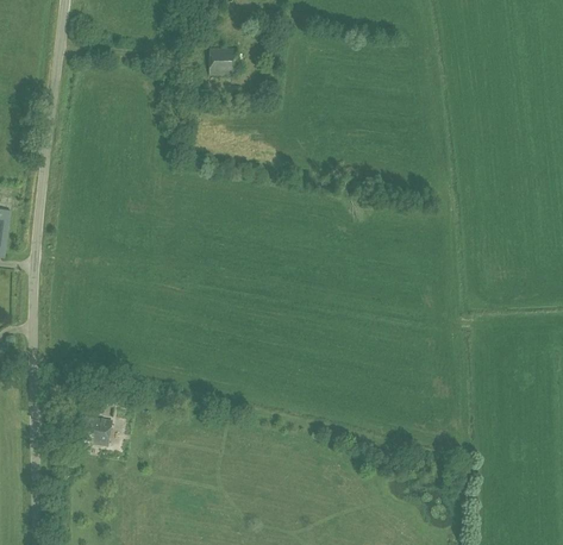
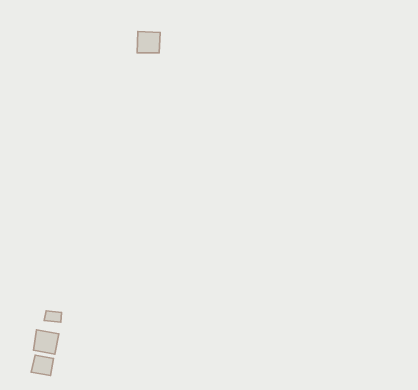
building: none -> [31,355,53,376]

